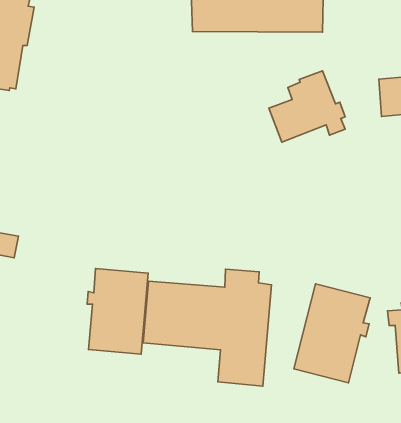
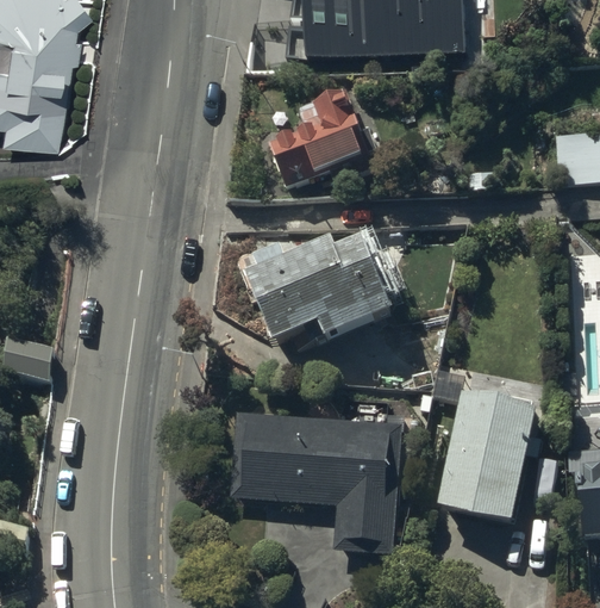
building: [269,71,345,142] -> [269,75,374,173]
building: none -> [240,252,392,355]
building: [87,269,148,354] -> none

